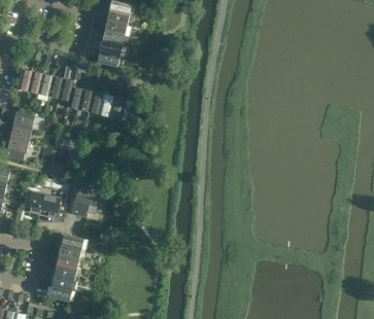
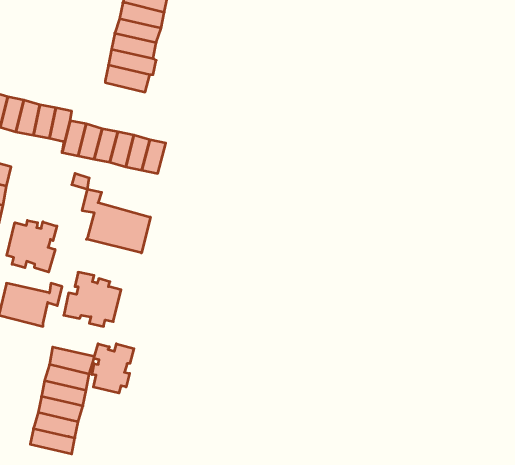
building: none -> [82,189,150,253]
building: none -> [7,220,57,272]
building: none -> [92,344,134,393]

